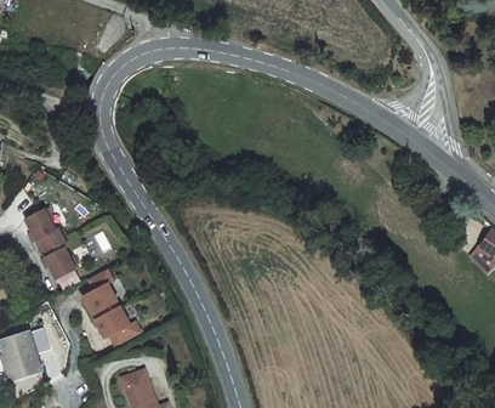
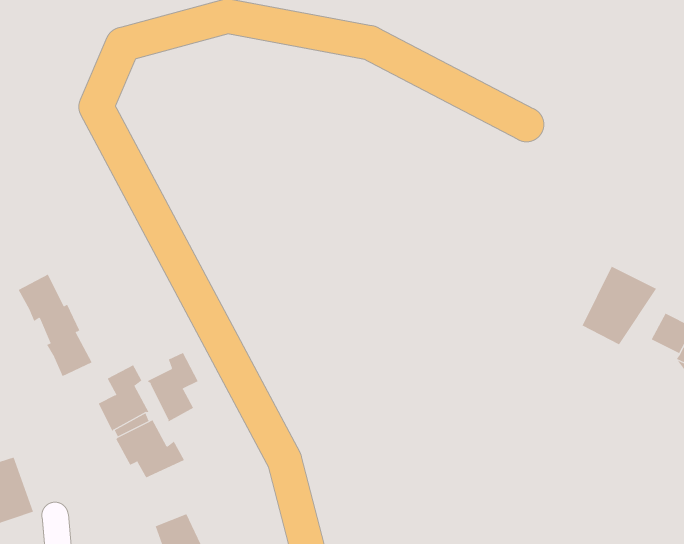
building: none -> [582,266,657,345]
building: none -> [147,352,198,422]

